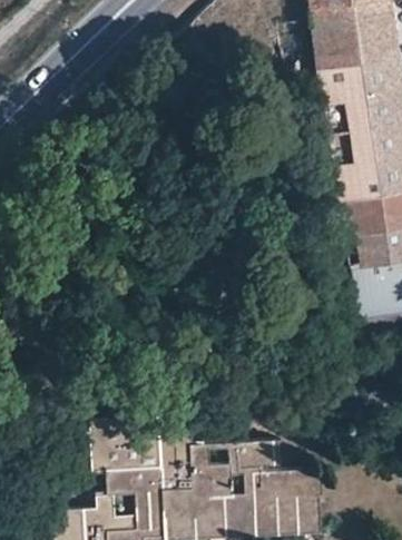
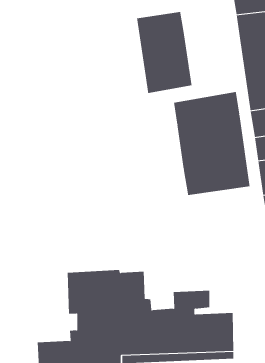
building: none -> [137,11,192,94]
building: none -> [174,91,250,196]

